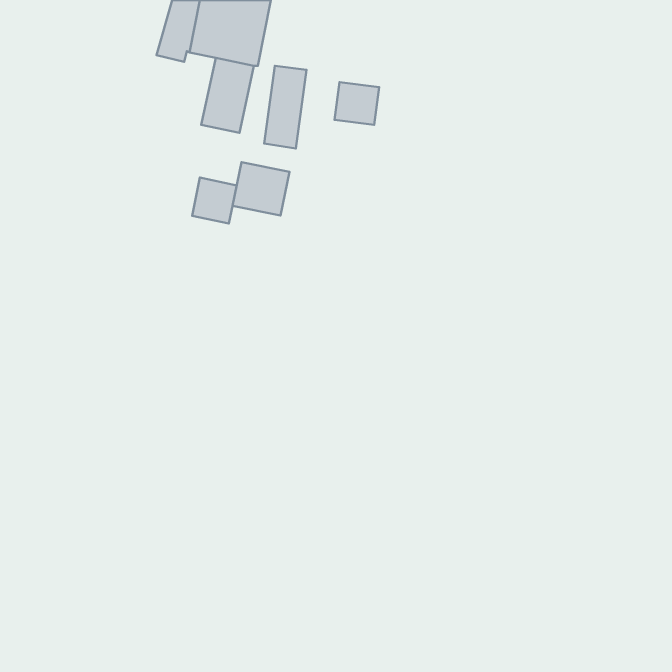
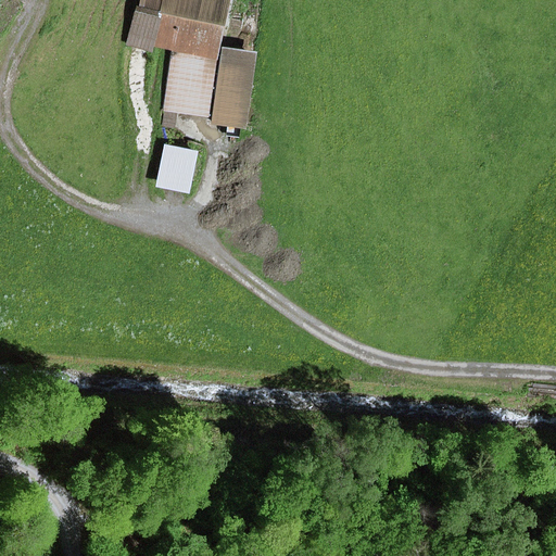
building: [334,82,379,125] -> none
building: [233,162,289,215] -> none

